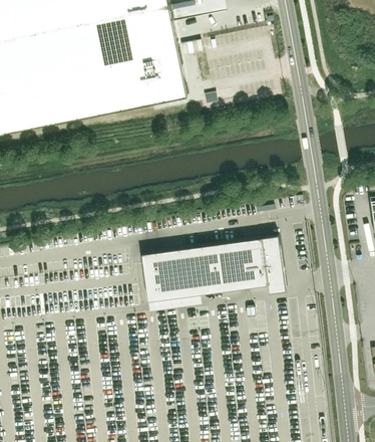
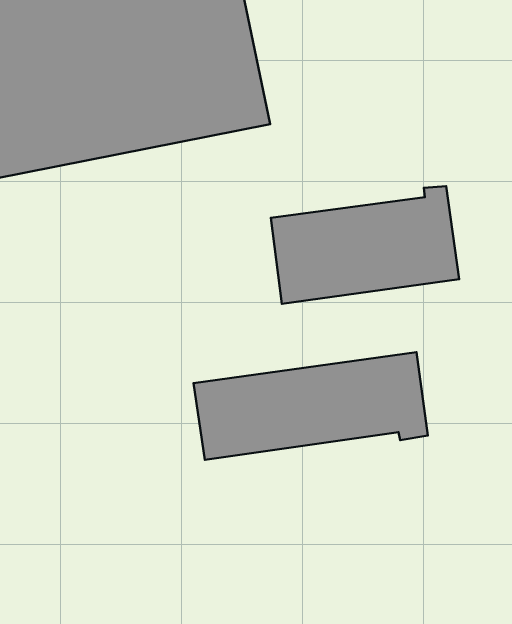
building: none -> [271,186,459,304]

